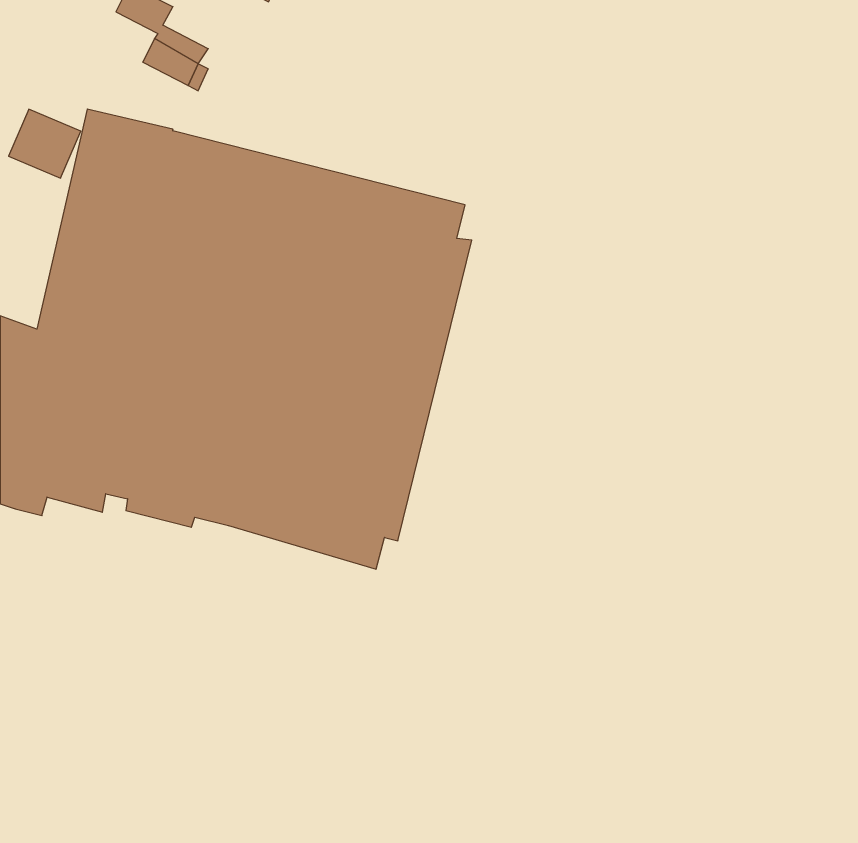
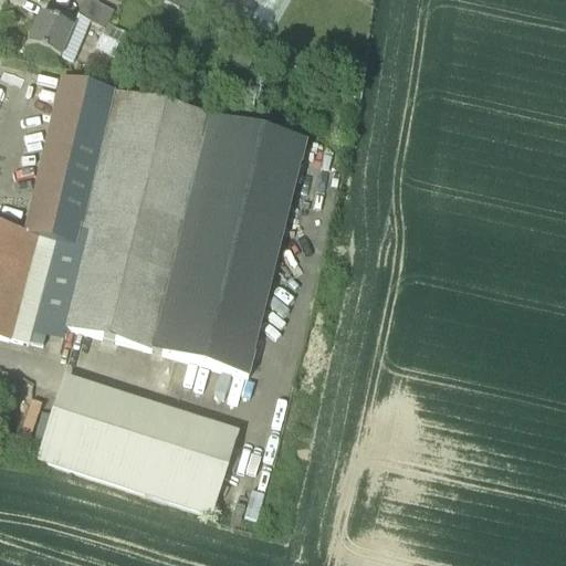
building: [9,109,81,178] -> [25,7,73,52]
building: none -> [34,370,238,513]

